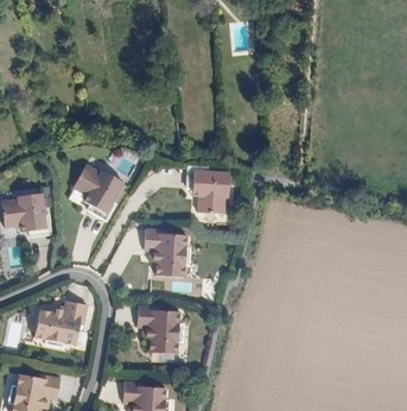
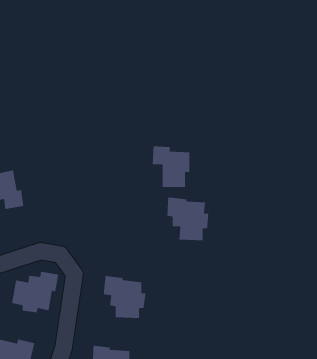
building: [72,163,122,219] -> none
building: [140,227,186,276] -> [166,197,209,241]

